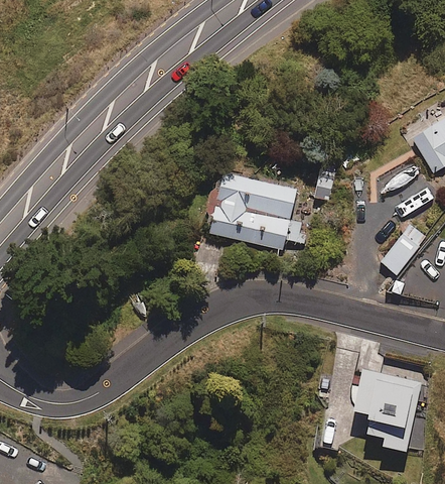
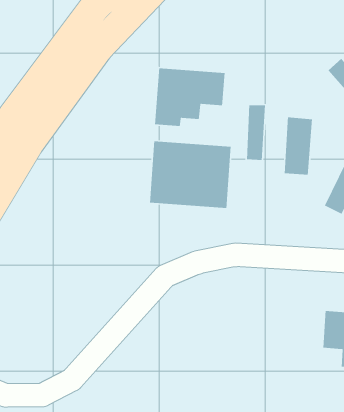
building: none -> [154,68,226,127]
building: none -> [284,116,313,175]

